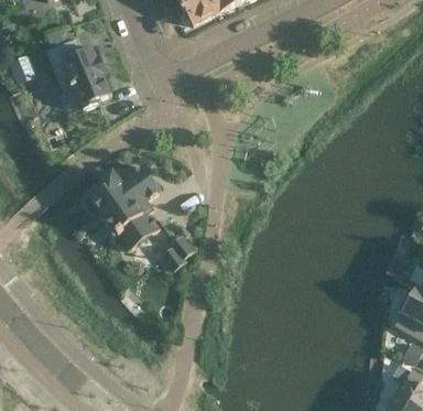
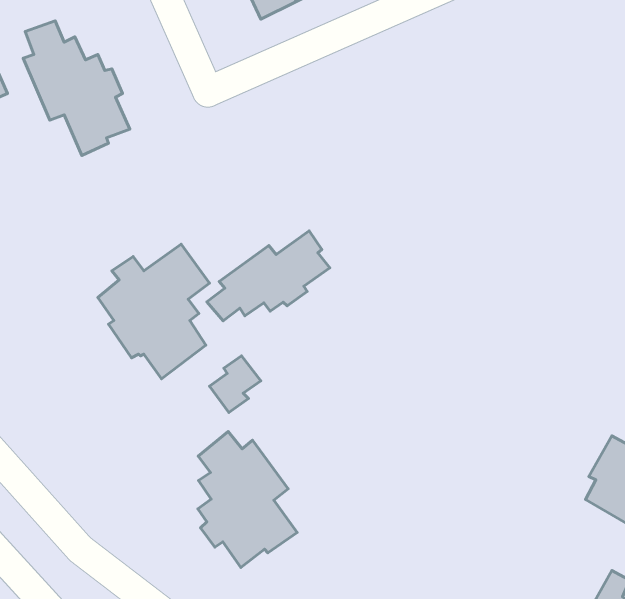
building: none -> [207,231,330,321]
building: none -> [198,432,297,567]

